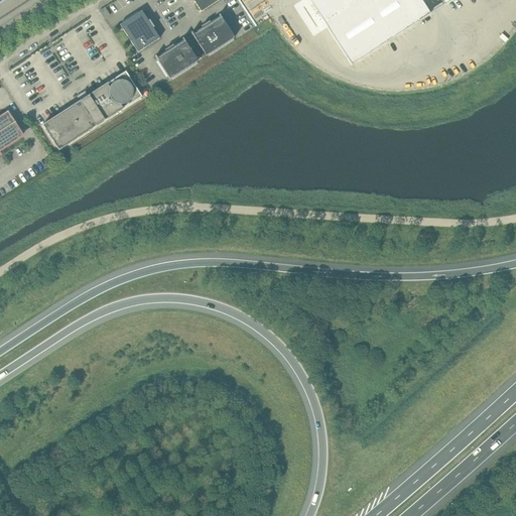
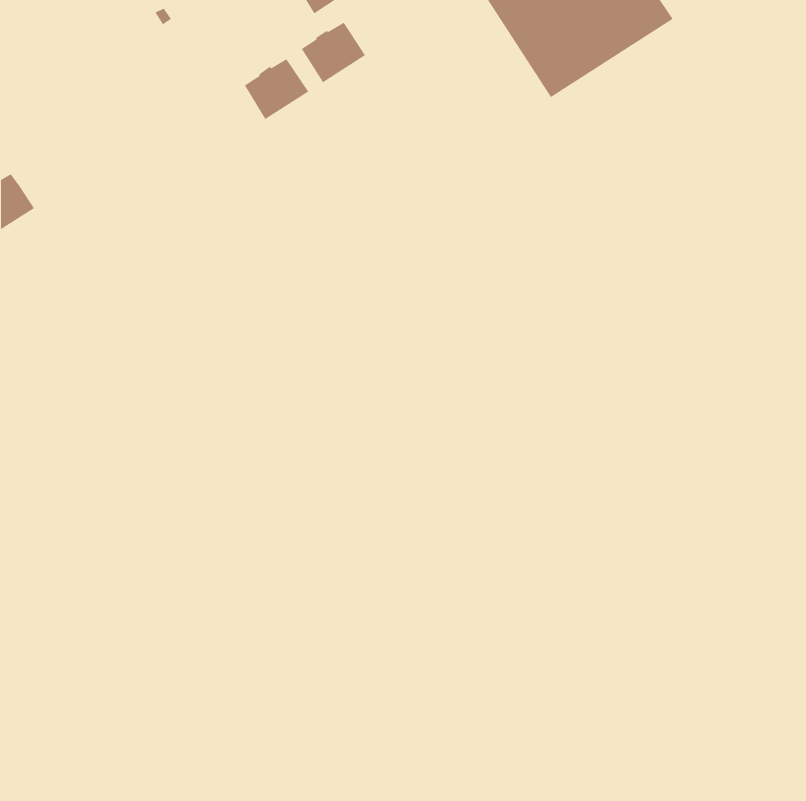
building: [120,8,159,49] -> none
building: [42,70,142,148] -> none

